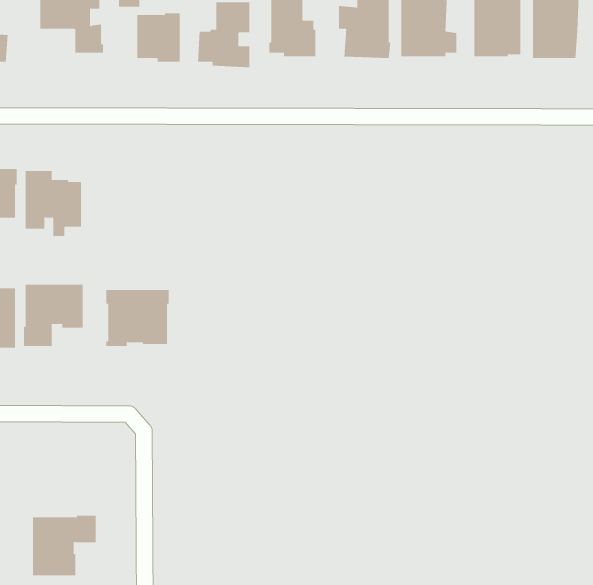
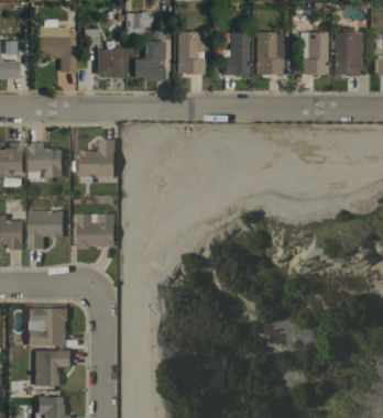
building: none -> [80,139,117,183]
building: none -> [35,306,69,345]

